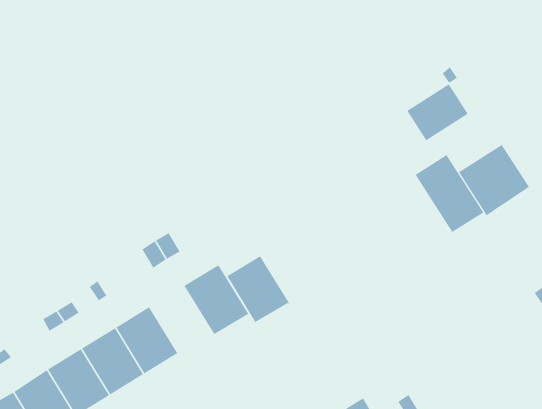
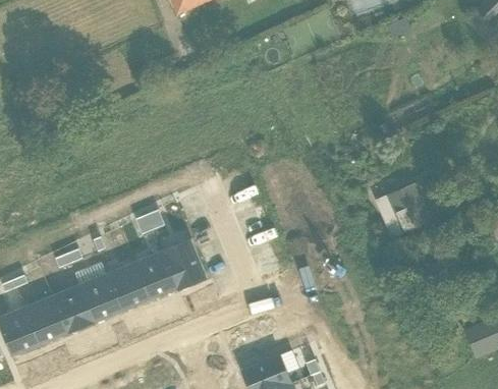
building: [407,83,468,141] -> none
building: [415,154,484,233] -> none
building: [226,255,291,323] -> [134,251,178,299]

